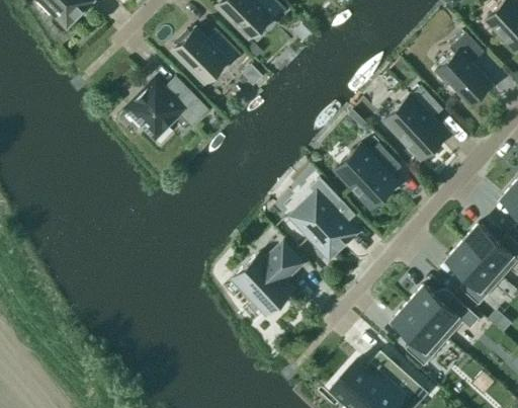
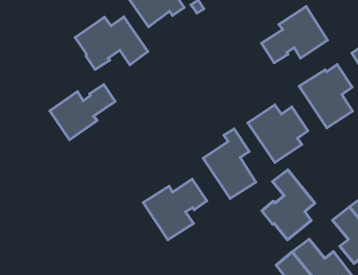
building: none -> [262,7,328,63]
building: none -> [50,85,115,140]
building: none -> [262,170,315,240]

